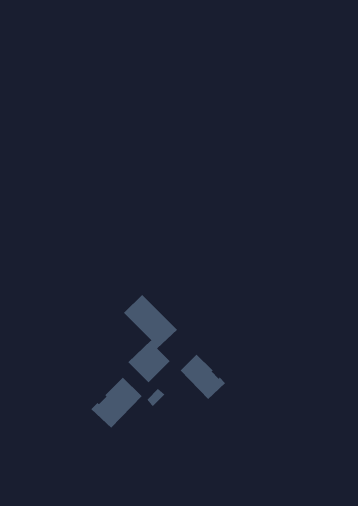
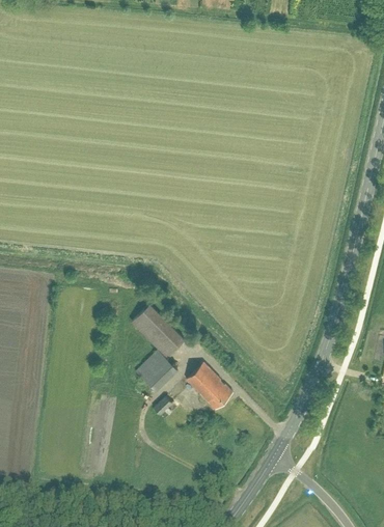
building: [91,377,142,429] -> none

